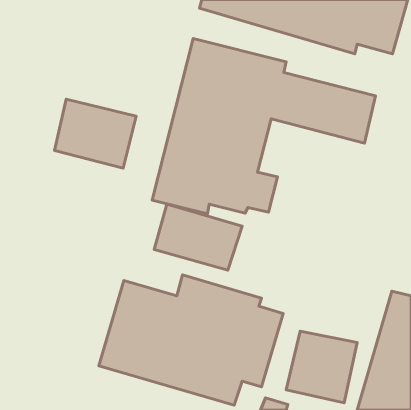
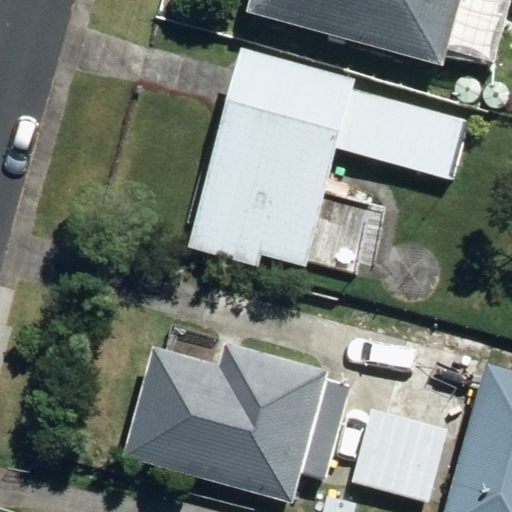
building: [55,99,136,168] -> none
building: [154,204,242,270] -> none

